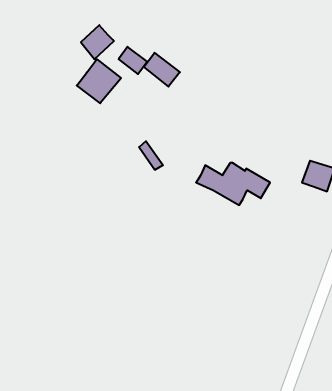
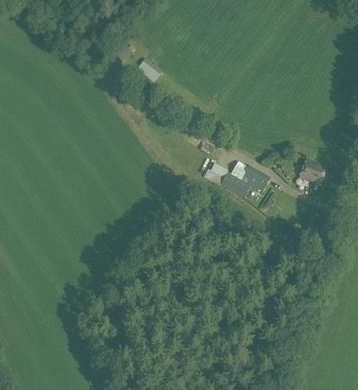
building: [144,53,180,87] -> none
building: [77,59,121,103] -> none

